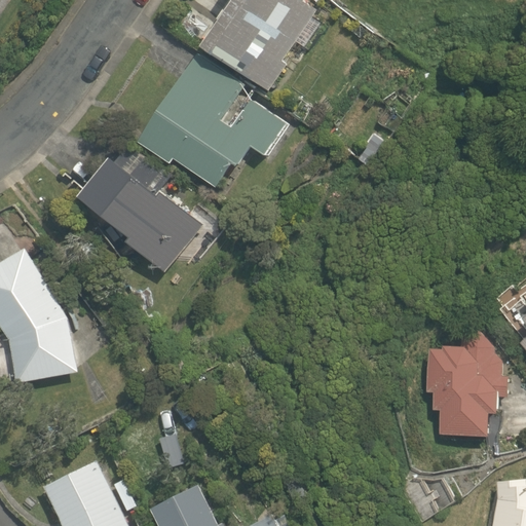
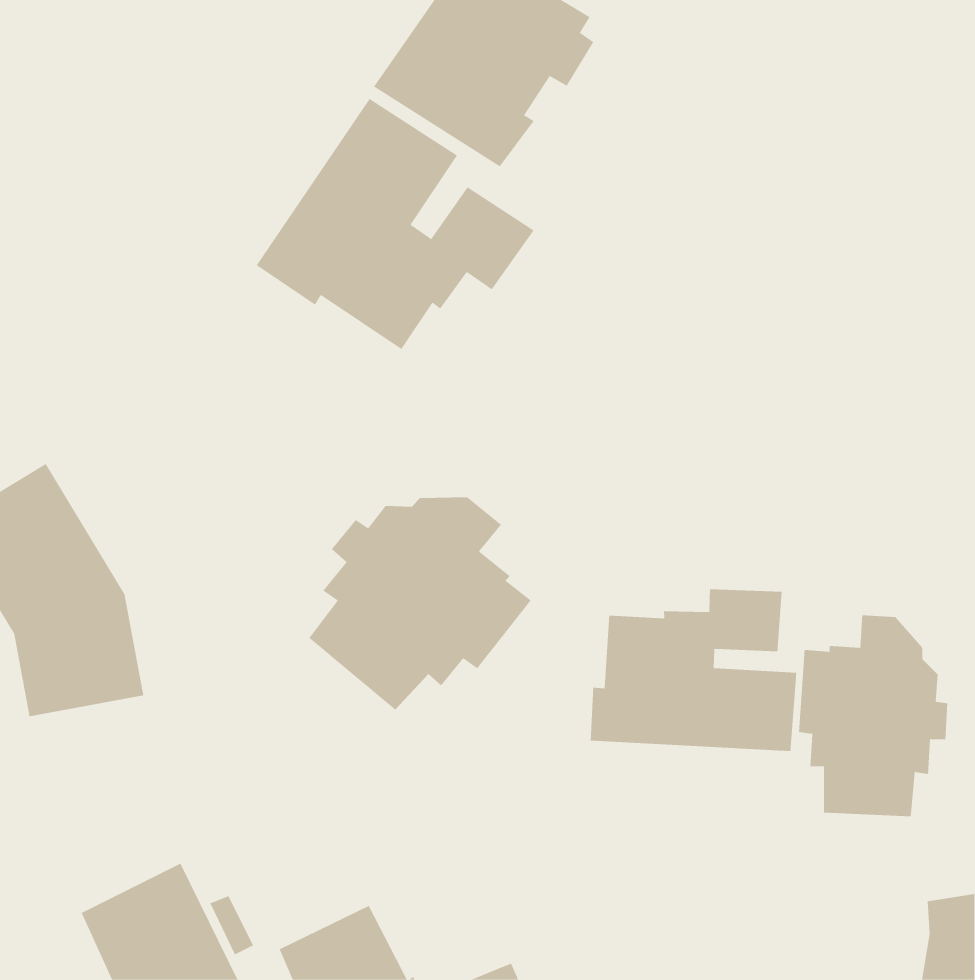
building: [77,144,202,272] -> none
building: none -> [308,496,532,710]
building: none -> [590,589,797,752]

